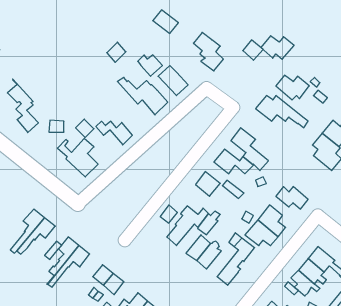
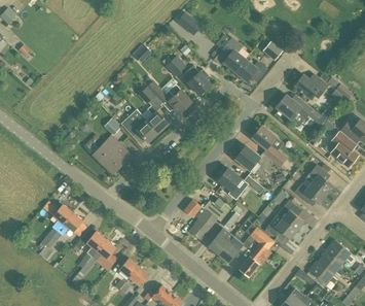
building: [261,36,294,59] -> [235,60,267,82]
building: [7,79,38,133] -> [138,81,168,133]
building: none -> [309,164,333,195]

